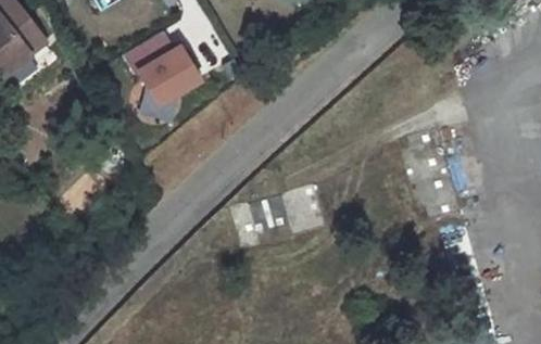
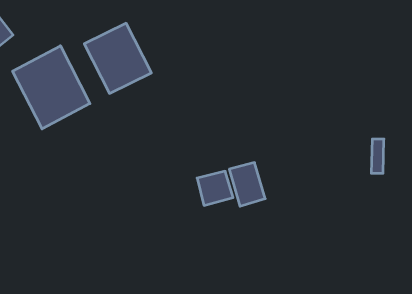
building: none -> [13,46,90,129]

